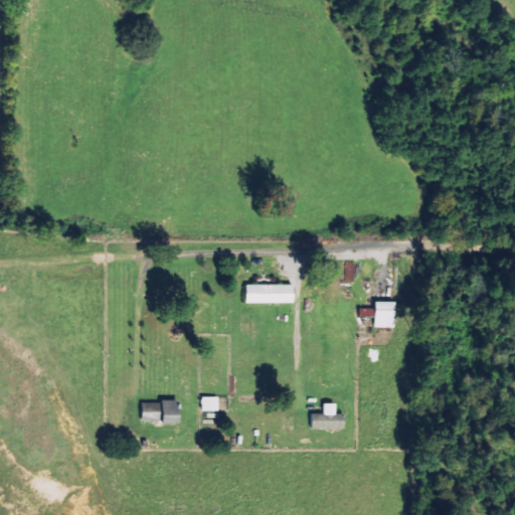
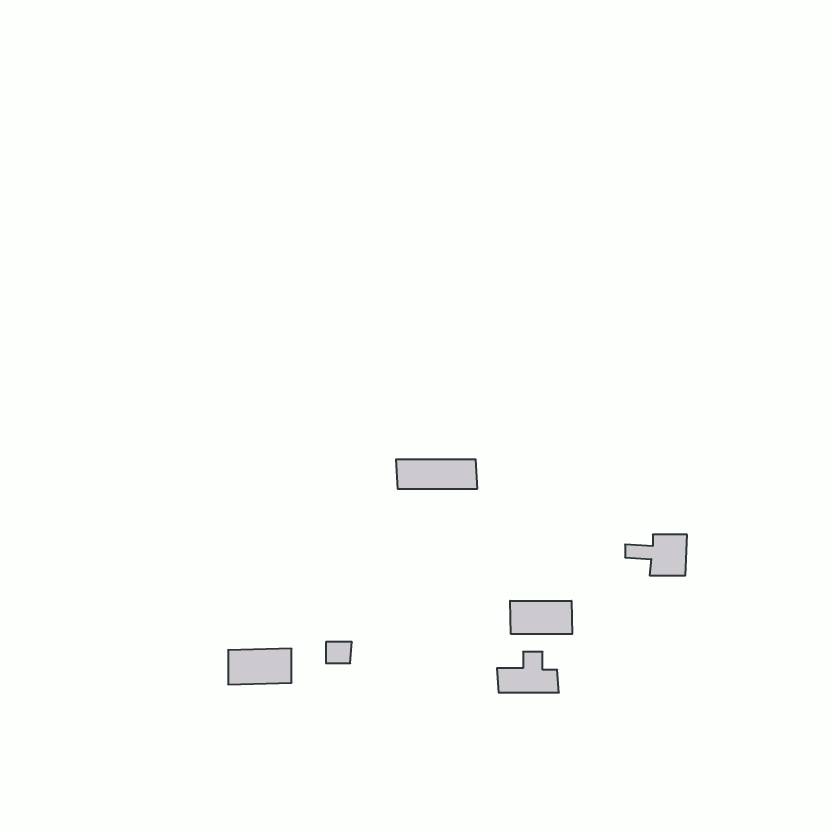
building: [358,302,396,327] -> [625,535,687,575]
building: none -> [510,601,572,634]

